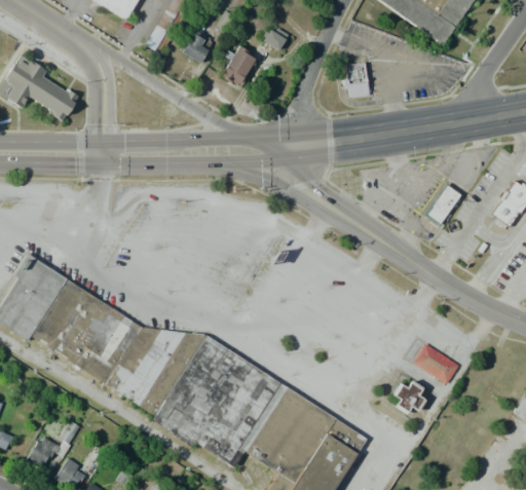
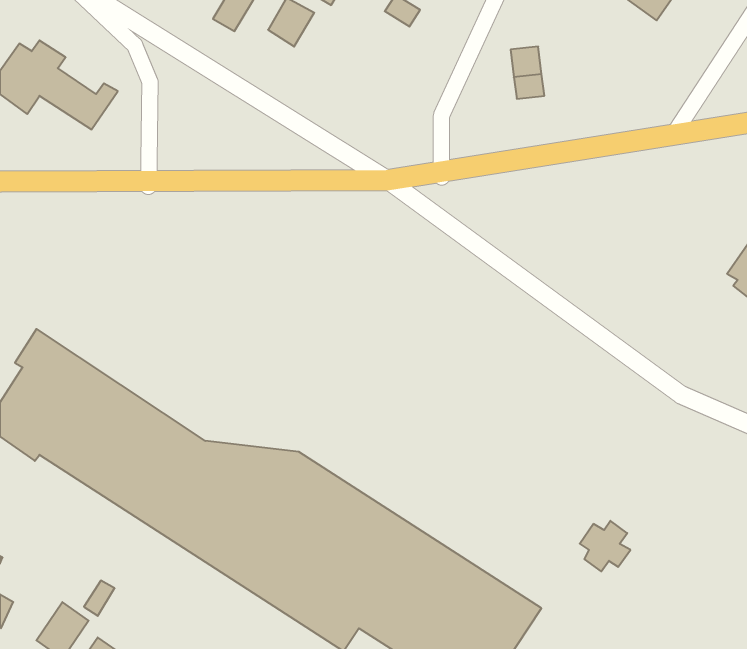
building: [221,42,259,87] -> none
building: [424,184,461,226] -> none
building: [412,343,458,384] -> none

